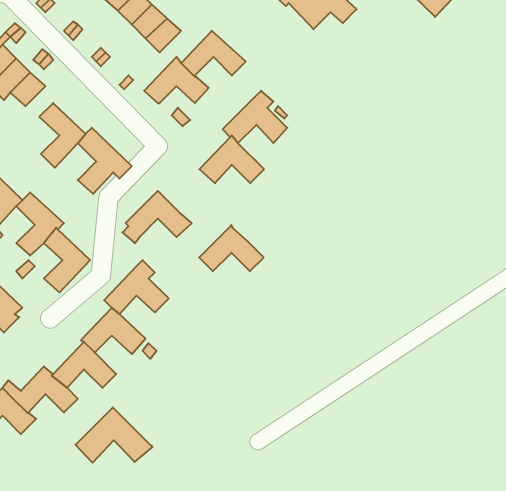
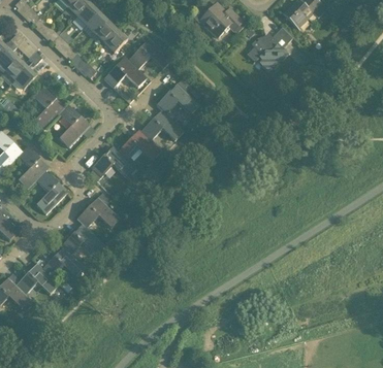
building: none -> [246,27,292,71]
building: [199,225,264,271] -> [117,129,160,160]
building: [75,407,152,463] -> none

